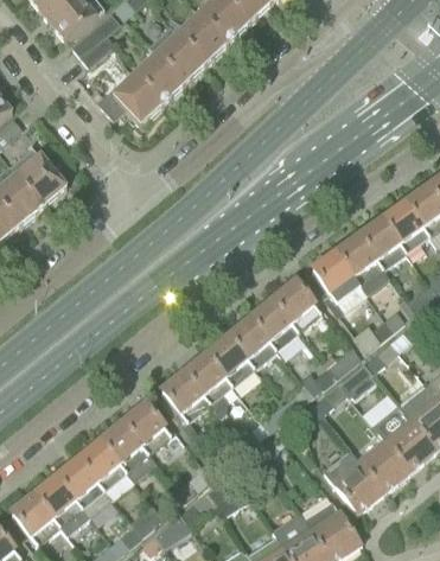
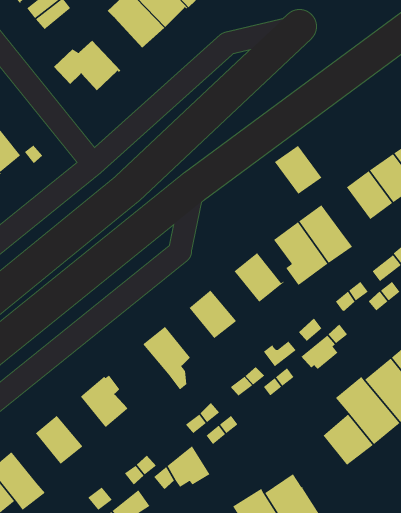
building: [133,55,184,106] -> none
building: [358,219,406,268] -> [274,145,323,195]
building: [250,301,298,350] -> none
building: [206,337,254,385] -> none
building: [160,372,210,436] -> none
building: [101,423,155,480] -> none
building: [323,450,383,515] -> none
building: [57,459,111,517] -> none

